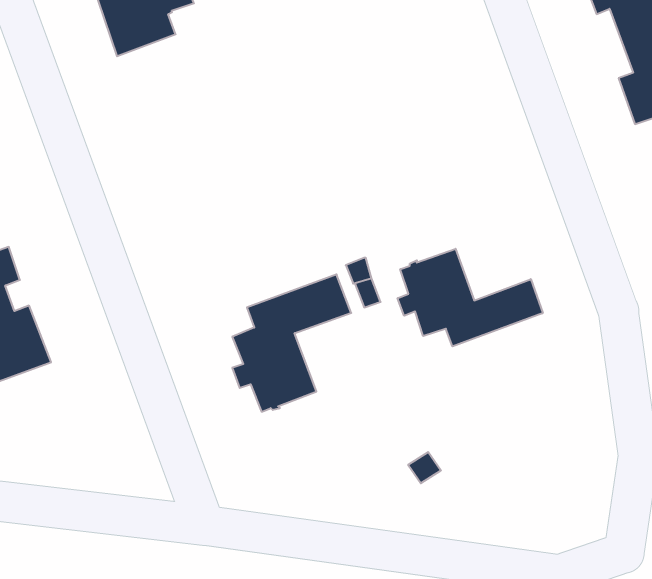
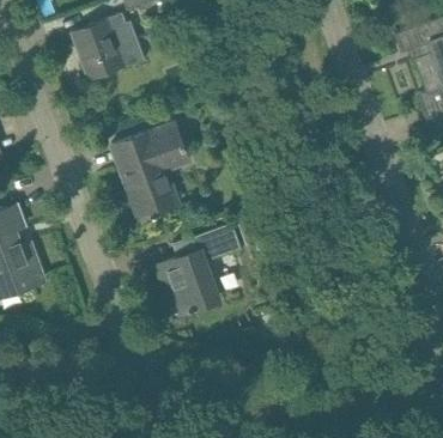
building: none -> [111,124,188,219]
building: [398,249,543,346] -> none

